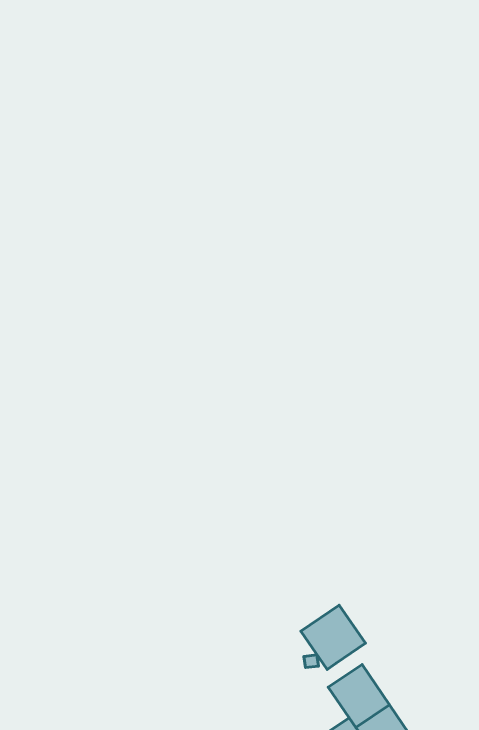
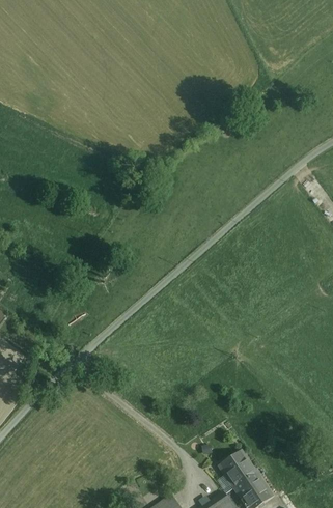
building: [301,605,366,669] -> none

